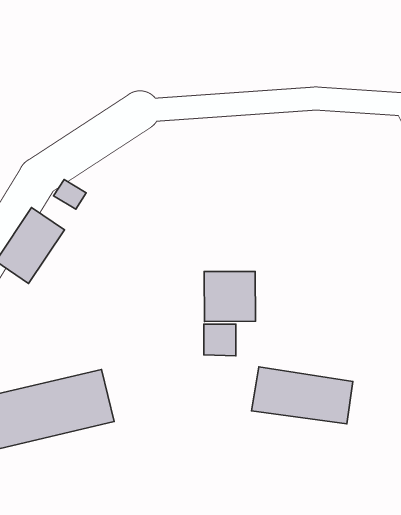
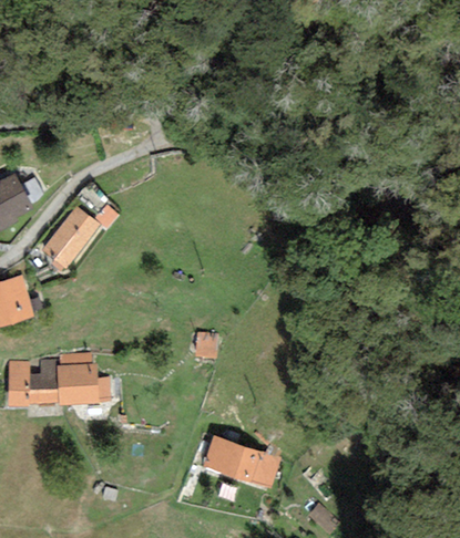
building: [204,272,256,321] -> none
building: [252,367,353,424] -> [208,435,297,495]

